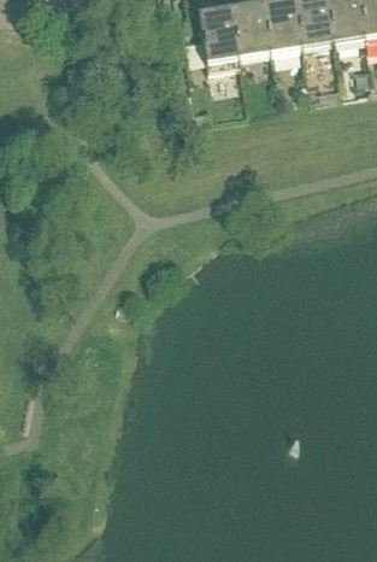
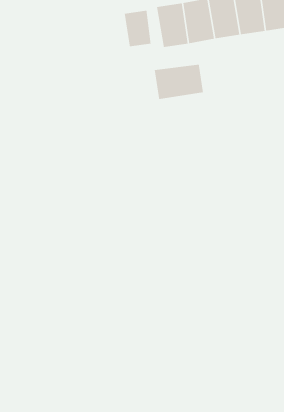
building: none -> [124,10,151,47]
building: none -> [154,64,203,100]

